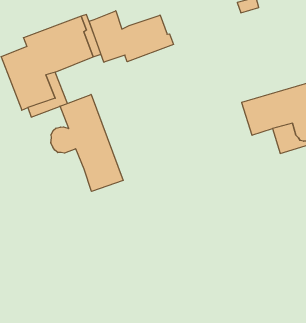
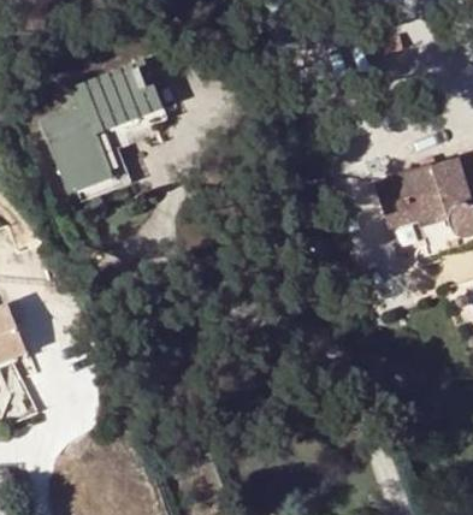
building: [89,11,173,62] -> none
building: [51,94,123,191] -> none

